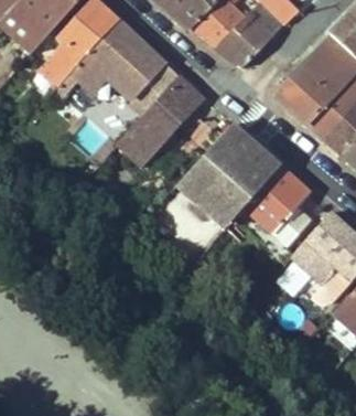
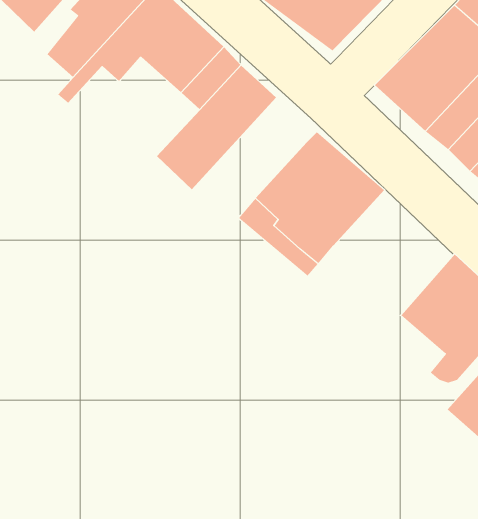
building: [245,166,314,256] -> none

